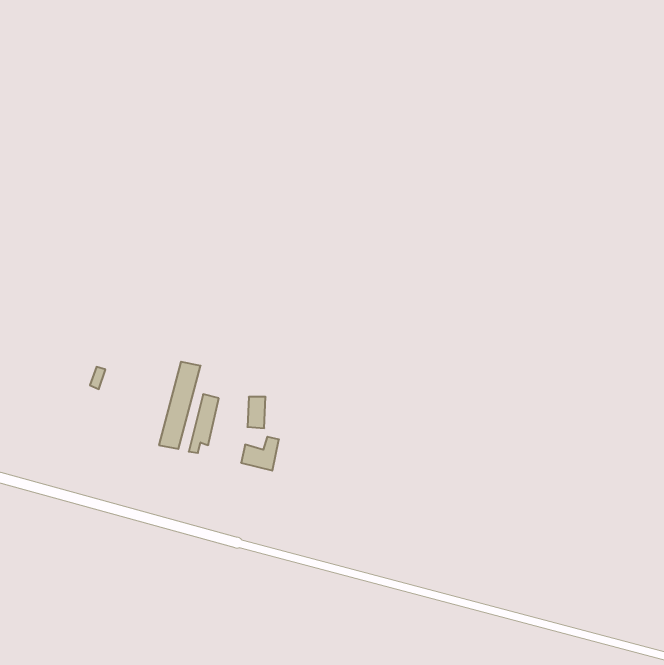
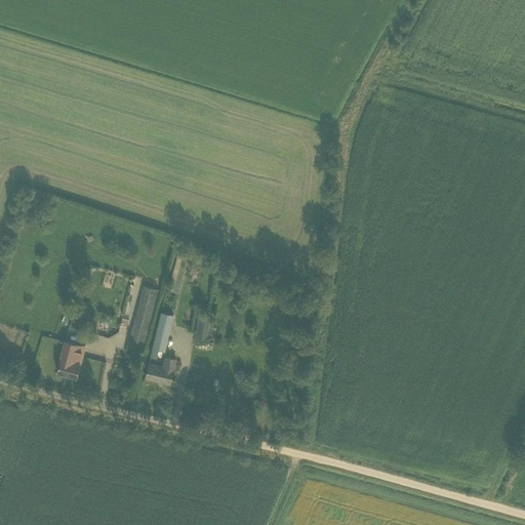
building: none -> [56,340,83,376]
building: [241,437,279,471] -> [145,357,174,383]

